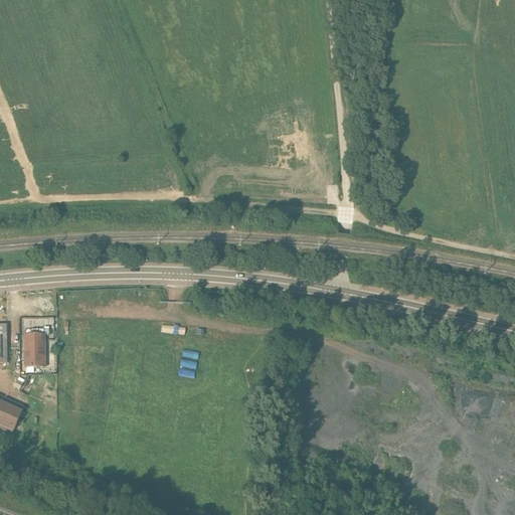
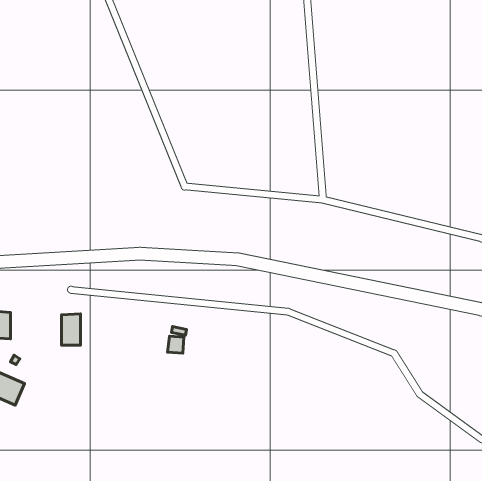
building: [22,332,42,365] -> [62,314,81,345]

